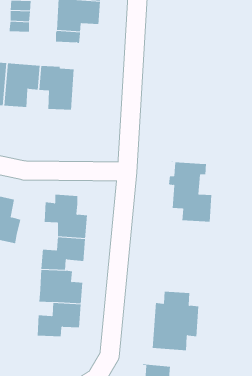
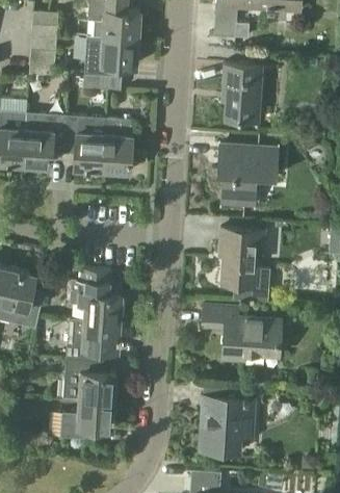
building: none -> [223,63,262,122]
building: none -> [104,119,133,171]
building: none -> [212,145,279,207]
building: none -> [203,307,282,362]

